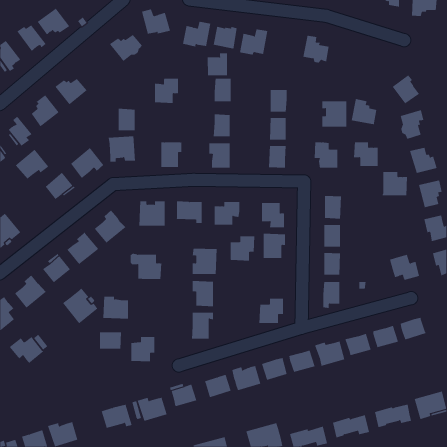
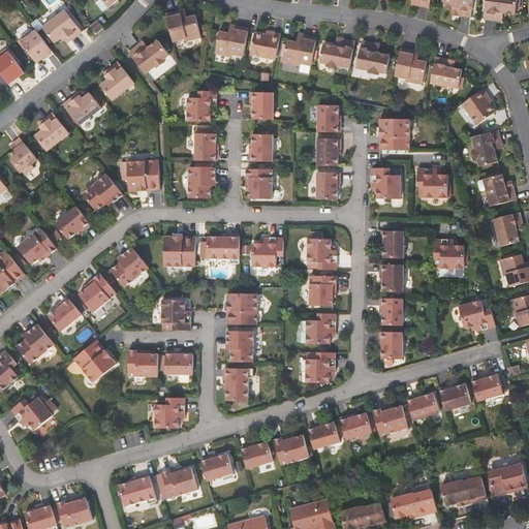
building: none -> [319,38,354,67]
building: none -> [394,49,427,84]
building: none -> [101,61,134,99]
building: [207,52,228,76] -> none
building: [351,98,377,125] -> [430,57,461,88]
building: [118,108,135,131] -> [194,133,215,160]
building: [15,149,49,180] -> [17,227,57,263]
building: [382,171,408,196] -> [432,240,463,269]
building: [230,236,255,261] -> [306,313,336,343]
building: [99,332,122,349] -> [165,353,192,374]

